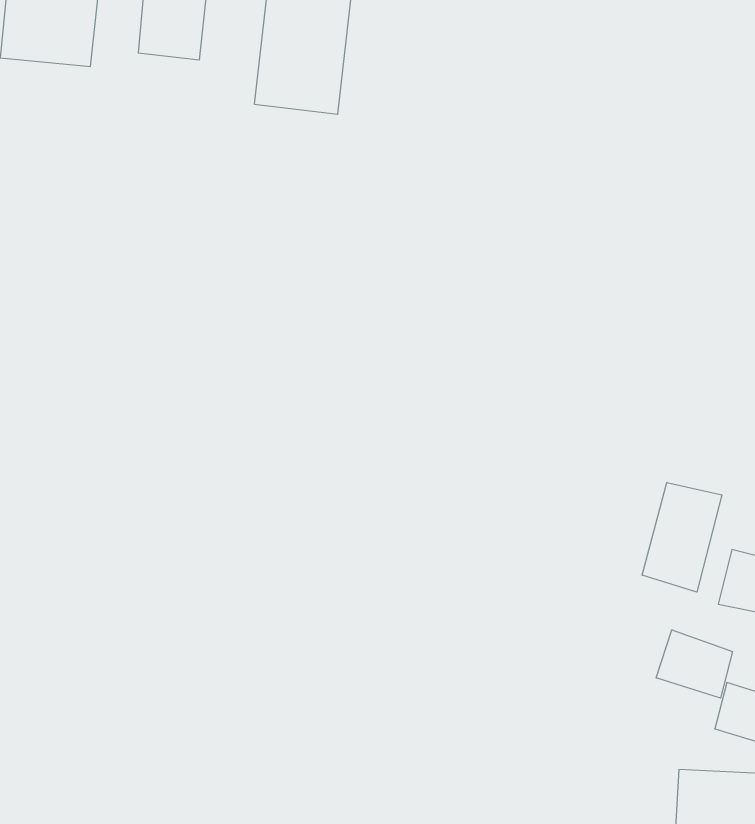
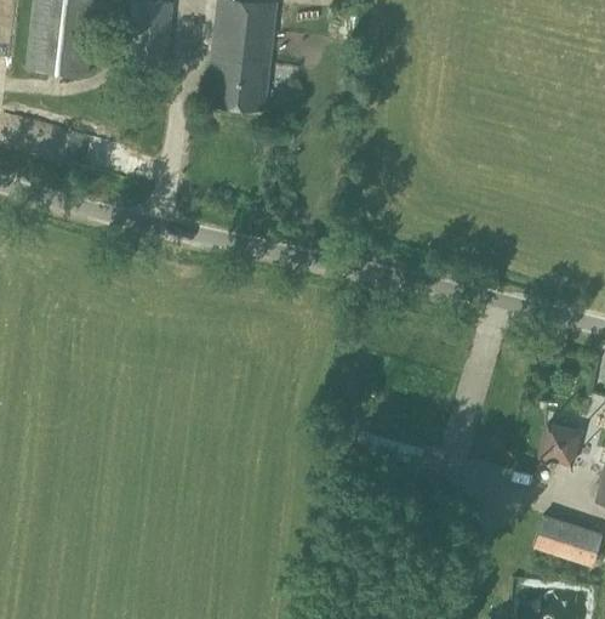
building: [642,482,722,592] -> none
building: [656,630,732,698] -> none

